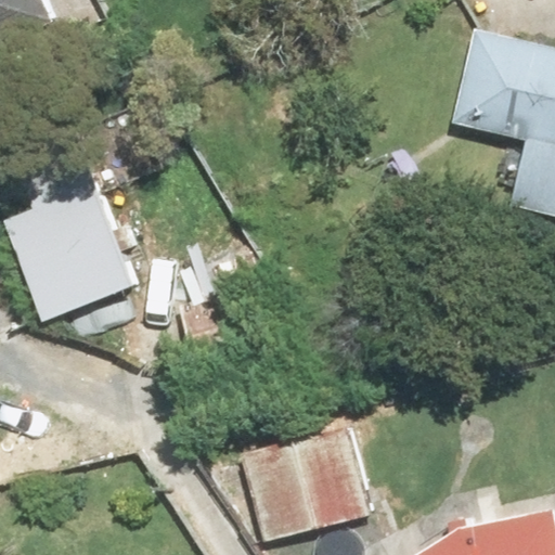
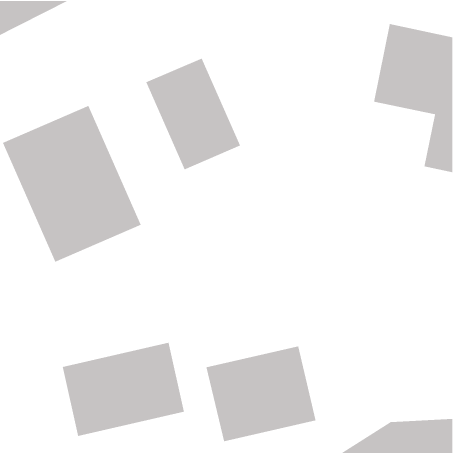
building: none -> [145,57,241,170]
building: none -> [62,342,185,437]

